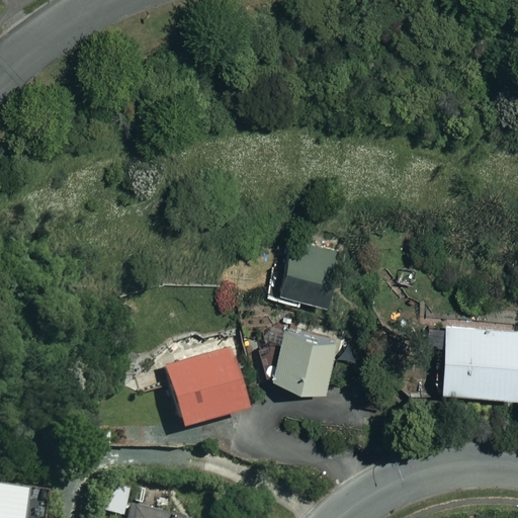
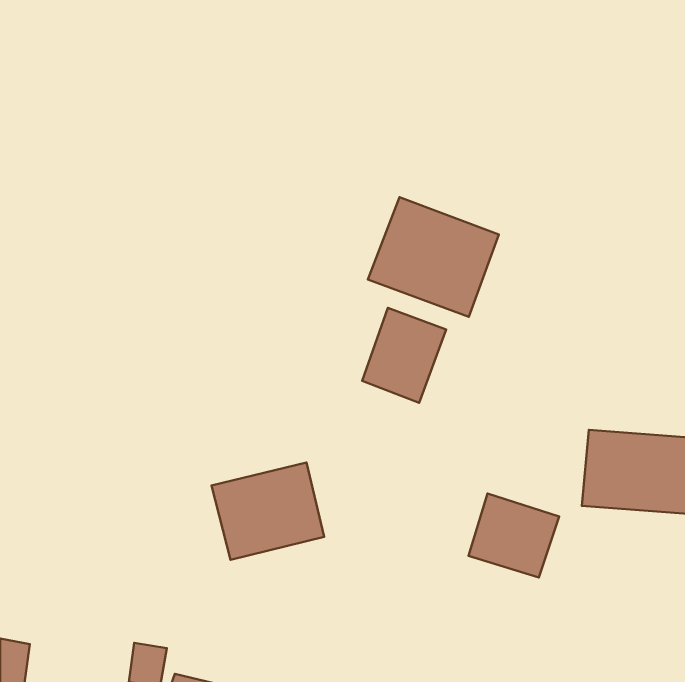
building: none -> [368,197,499,317]
building: [274,329,342,392] -> [468,494,559,578]

